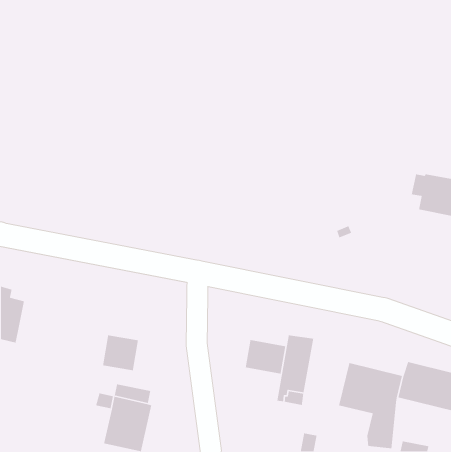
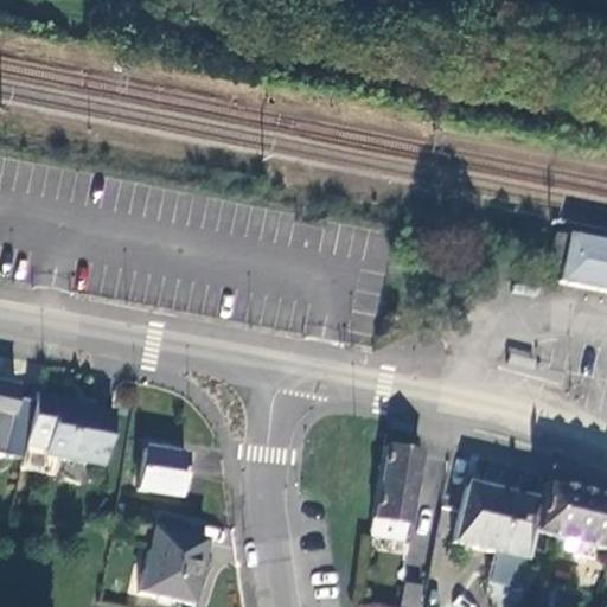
building: none -> [30,389,116,464]
building: [245,339,286,374] -> none

